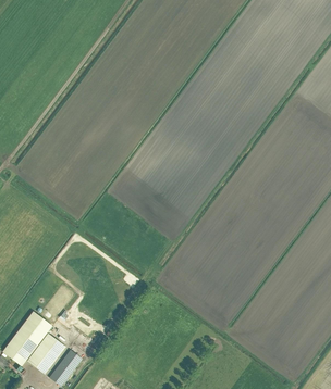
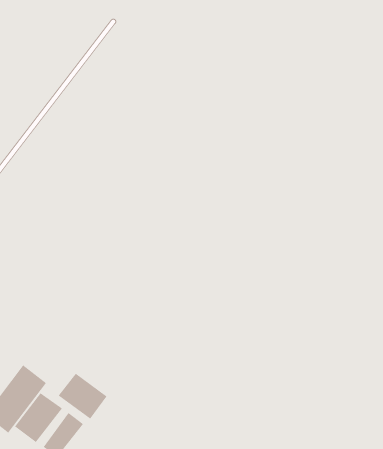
building: none -> [58,373,108,419]

